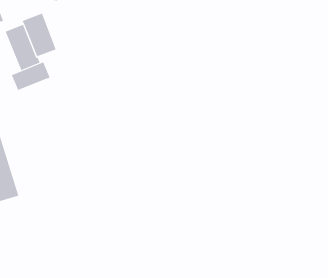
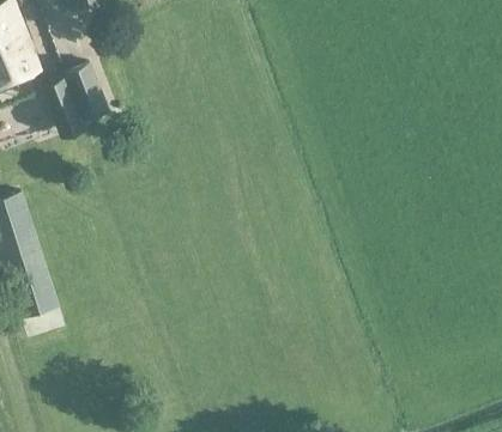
building: [11,61,50,91] -> none

